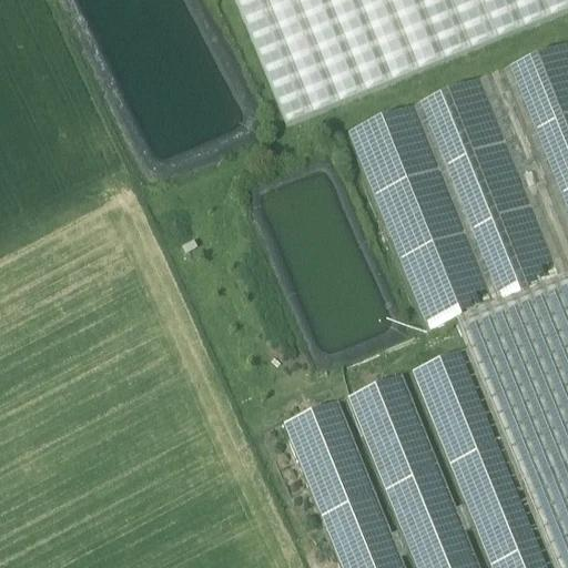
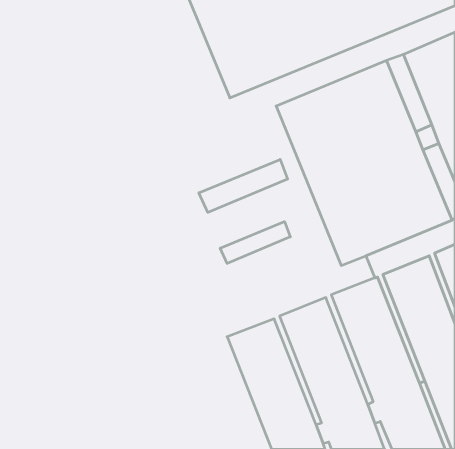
building: none -> [199,159,288,212]
building: none -> [220,222,290,263]

